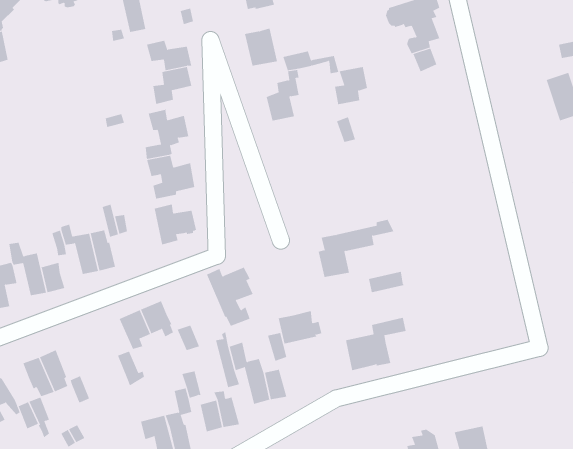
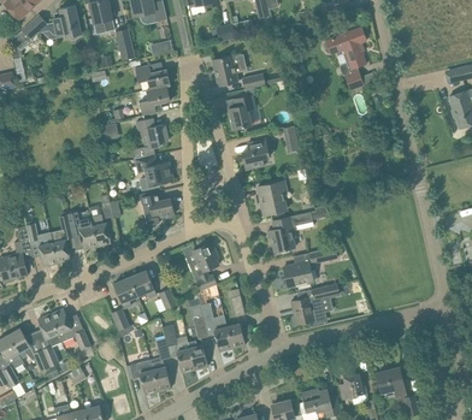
building: [334,67,368,105] -> [243,140,270,170]
building: none -> [258,181,287,215]
building: [278,311,322,344] -> [283,261,318,288]

